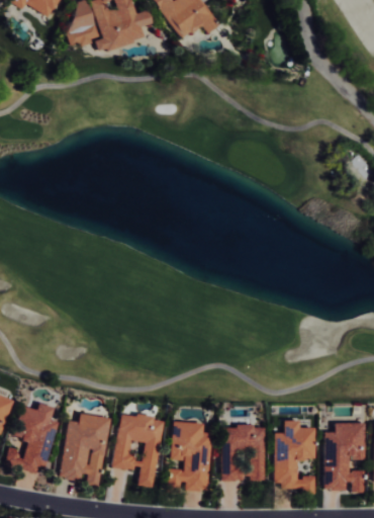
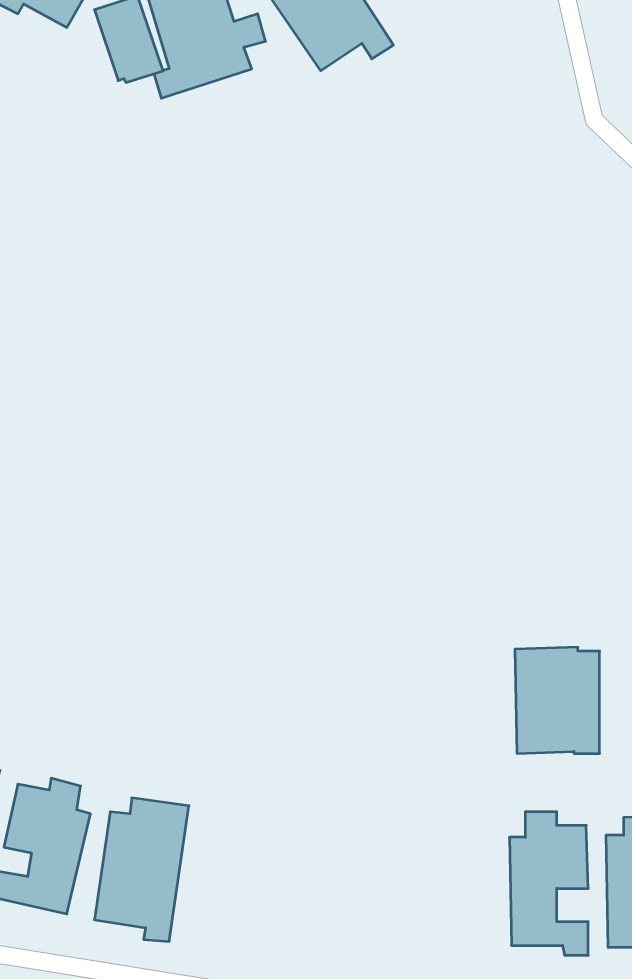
building: [114,413,163,487] -> none
building: [169,422,211,491] -> none
building: [221,425,265,480] -> [515,647,600,753]

